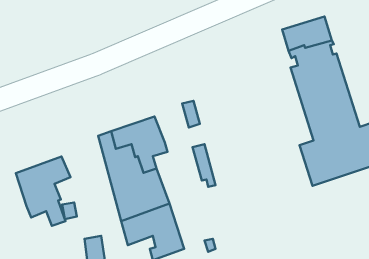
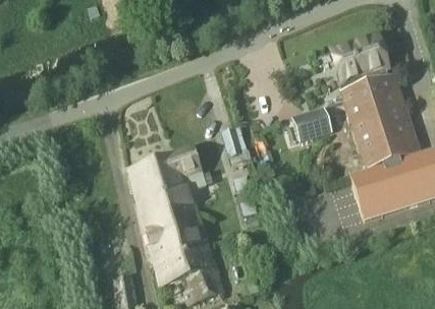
building: none -> [292,106,332,140]
building: [16,156,70,226] -> none

